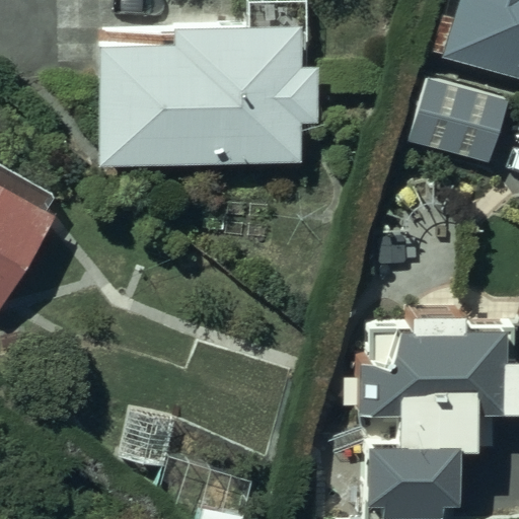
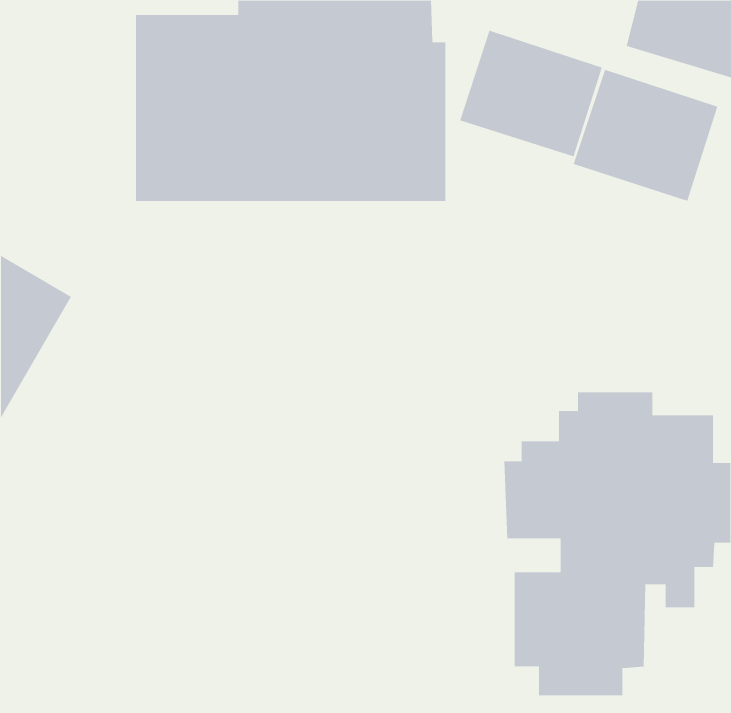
building: none -> [460,30,602,157]

